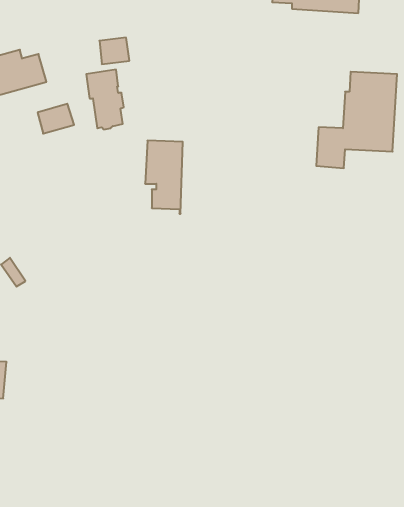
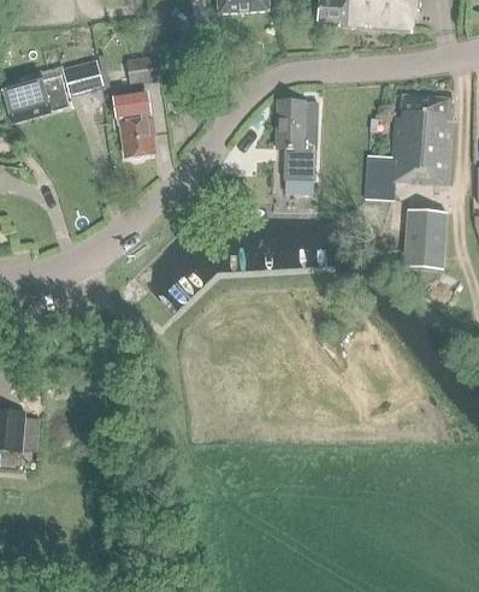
building: [38,104,74,134] -> [63,60,102,93]
building: [145,141,183,214] -> [276,101,317,180]
building: none -> [403,208,445,270]

